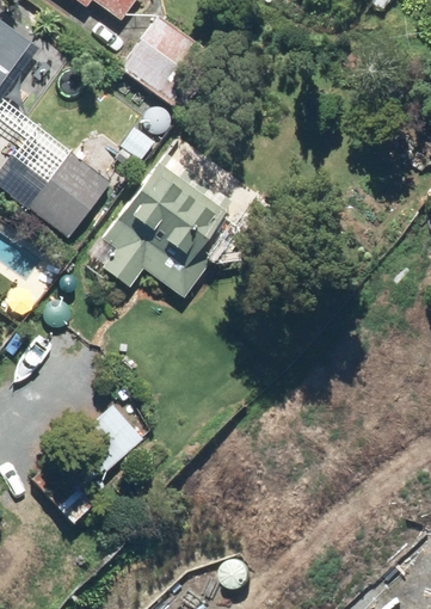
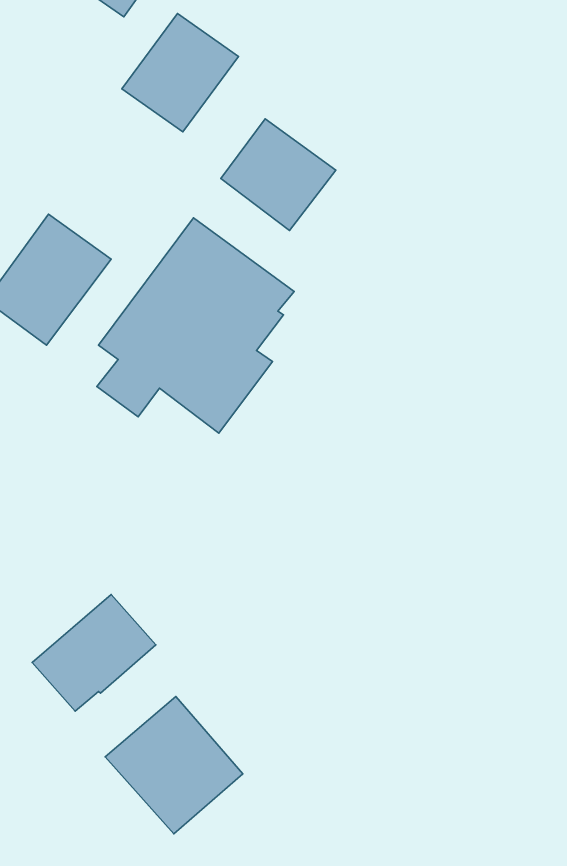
building: none -> [221,119,336,230]
building: none -> [105,697,243,834]

